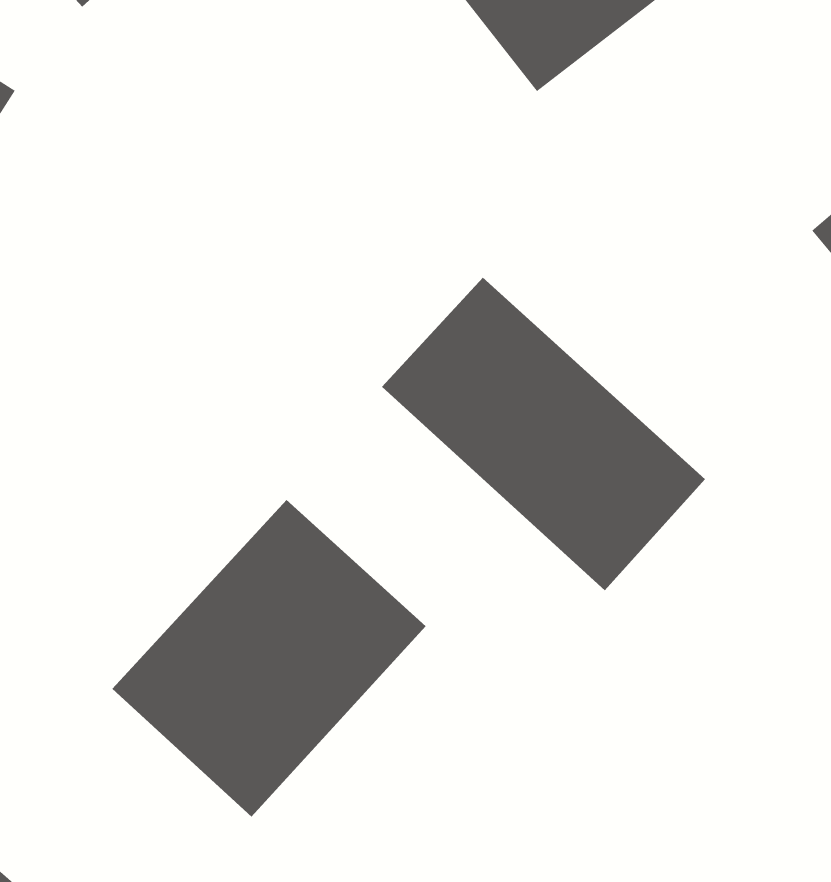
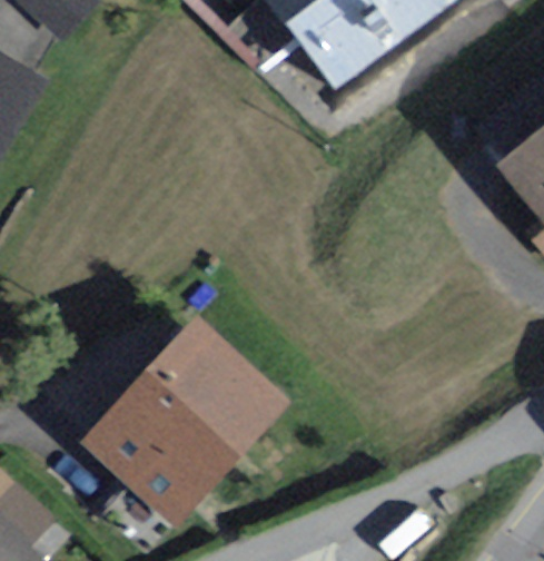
building: [381,277,706,591] -> none

